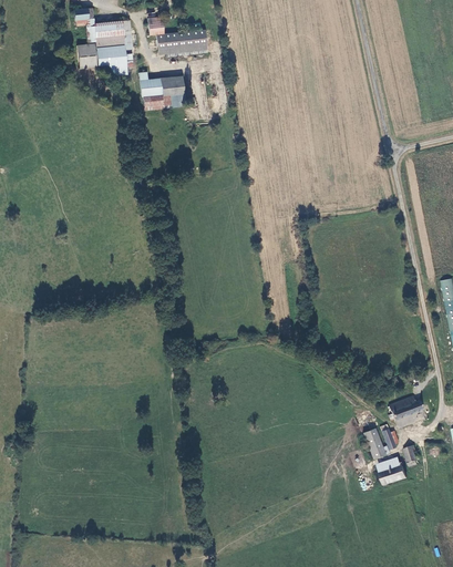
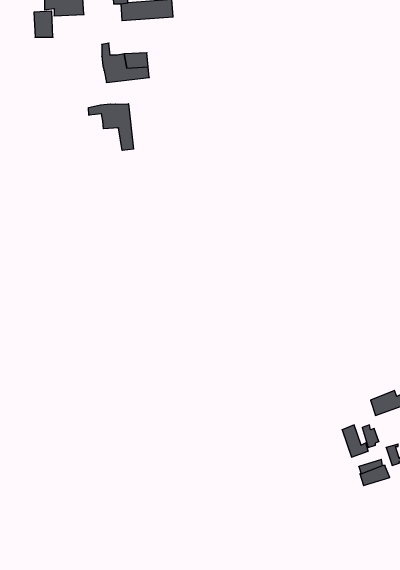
building: [95,47,124,75] -> none
building: none -> [89,104,133,150]

